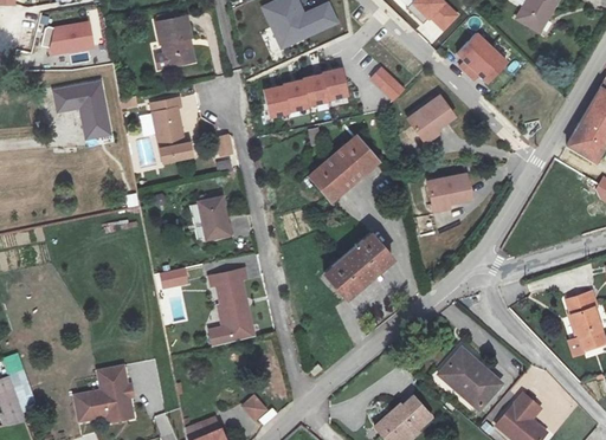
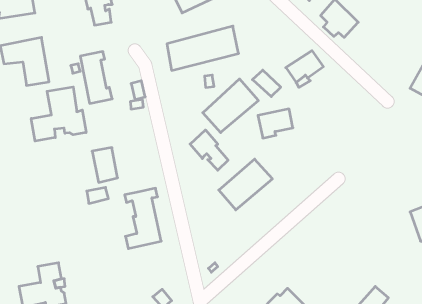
building: [366,69,401,102] -> [252,70,281,97]
building: none -> [31,87,86,141]
building: [428,174,472,211] -> [258,109,293,138]
building: none -> [190,130,228,170]
building: [201,198,233,241] -> [92,148,118,182]
building: [438,347,502,409] -> none

